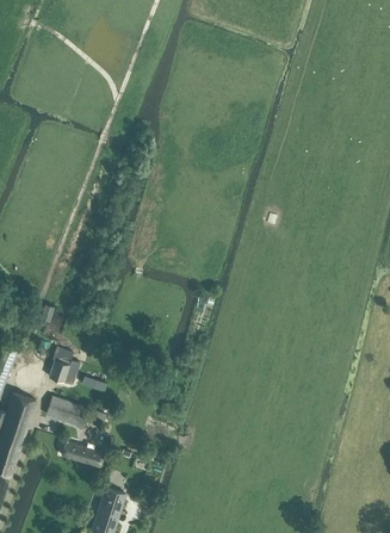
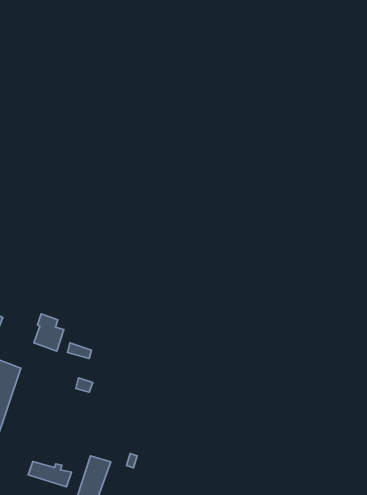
building: [47,397,88,428] -> none
building: [61,442,104,467] -> [28,462,71,487]

